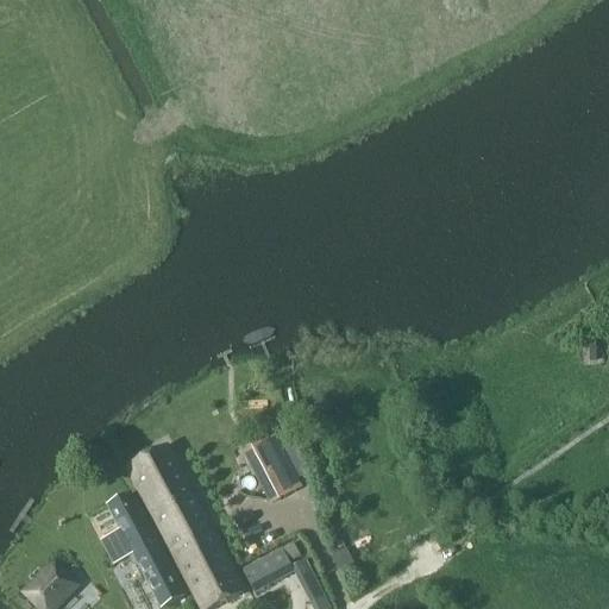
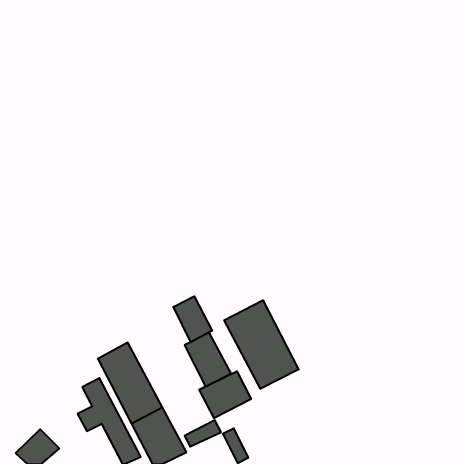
building: none -> [173,296,212,342]
building: none -> [224,300,299,389]
building: none -> [199,371,251,418]

